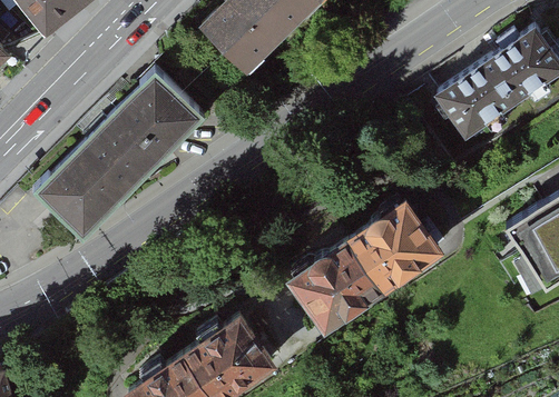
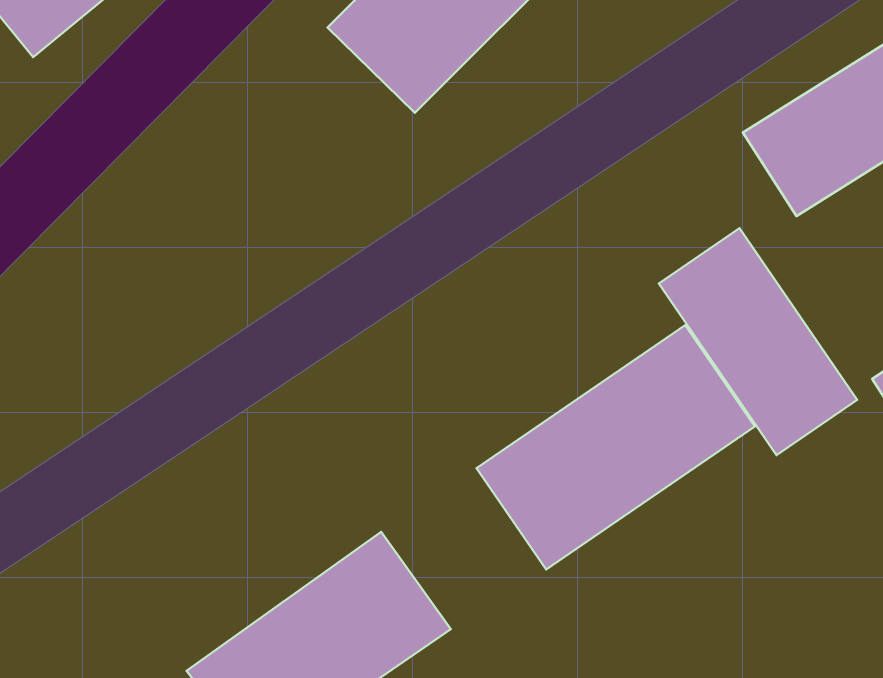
building: [31,69,199,239] -> none
building: none -> [659,228,857,455]

